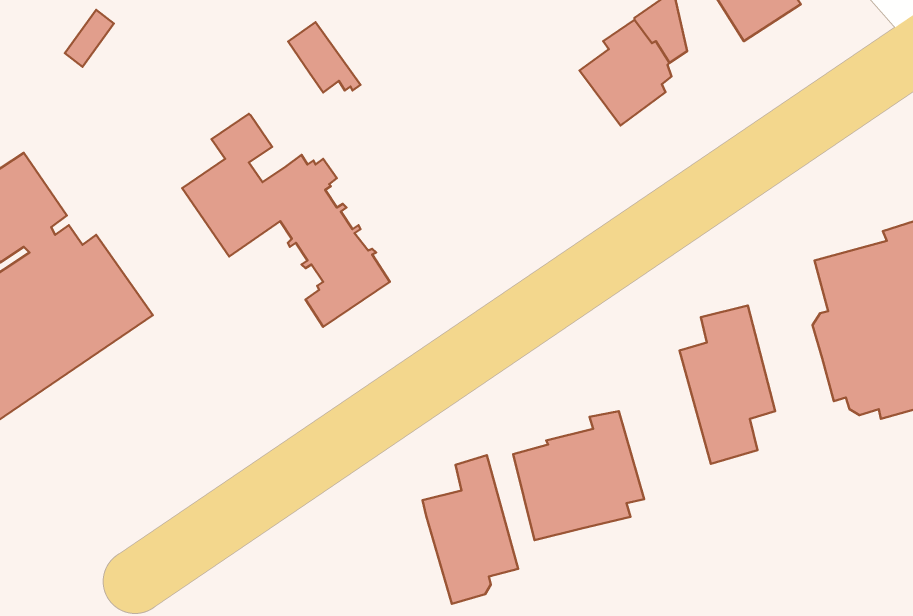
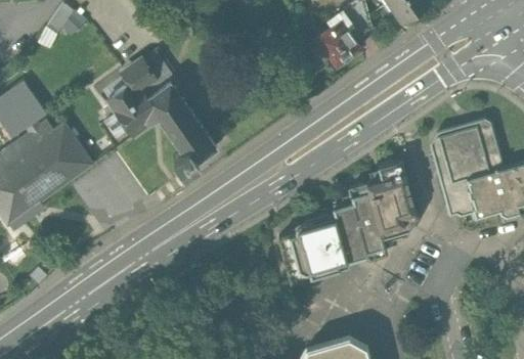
building: [288,22,360,93] -> [142,51,180,88]
building: [422,455,518,604] -> [333,184,383,262]

